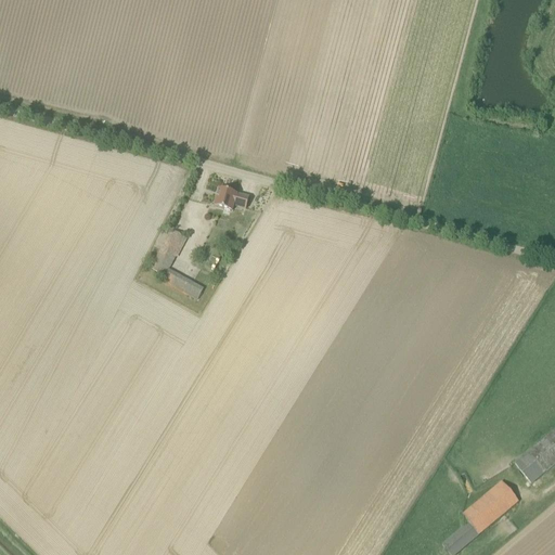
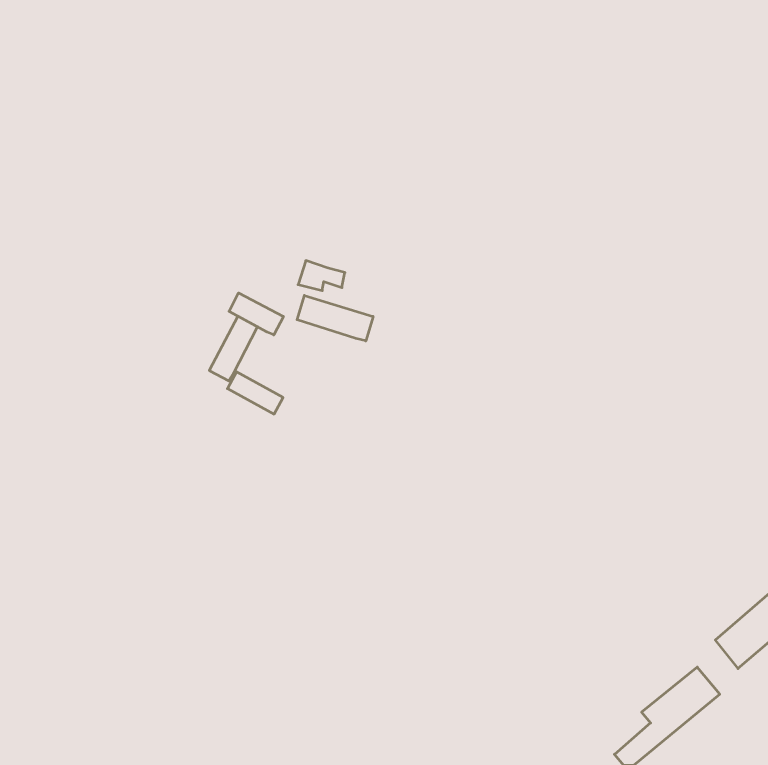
building: none -> [229,293,283,335]
building: none -> [297,295,373,341]

